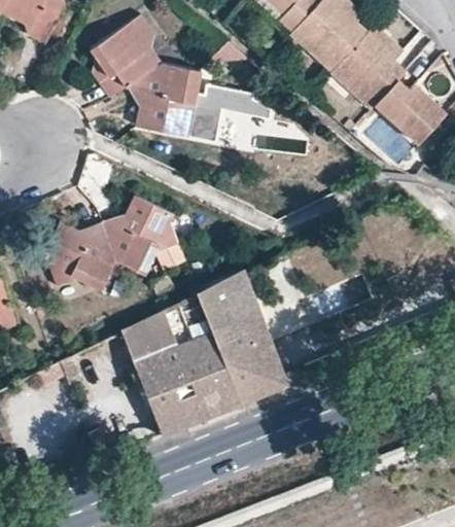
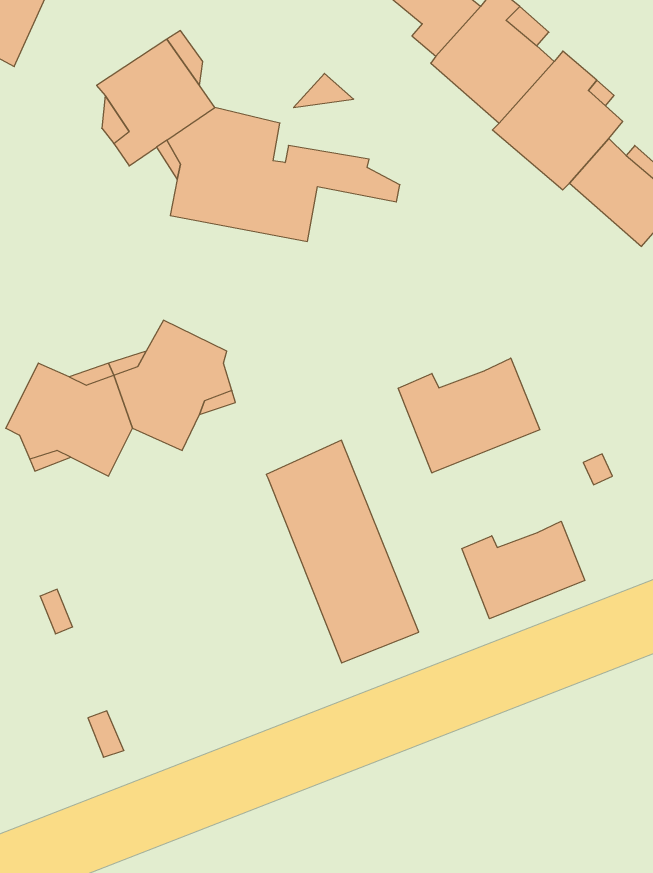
building: none -> [398,358,540,473]
building: [111,288,242,431] -> none
building: none -> [462,521,585,619]

